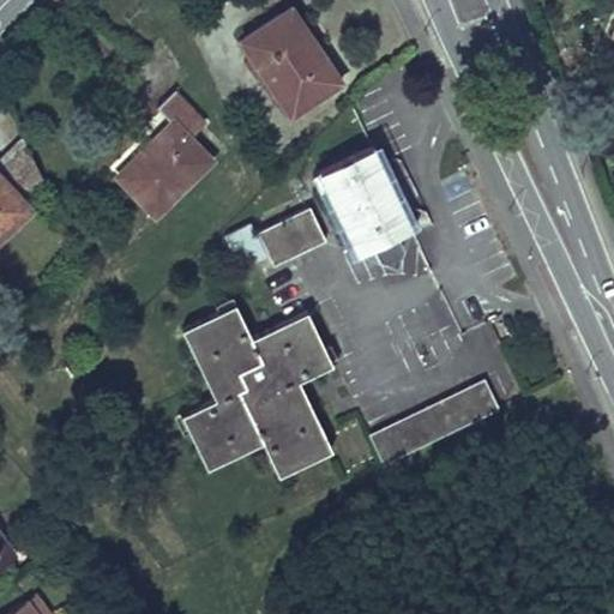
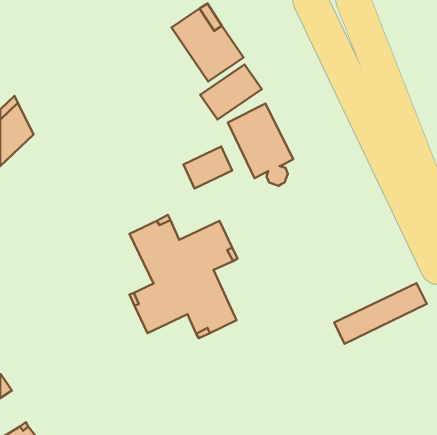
building: [119,92,211,216] -> none
building: none -> [200,64,262,120]
building: [369,381,499,466] -> [334,283,427,344]

